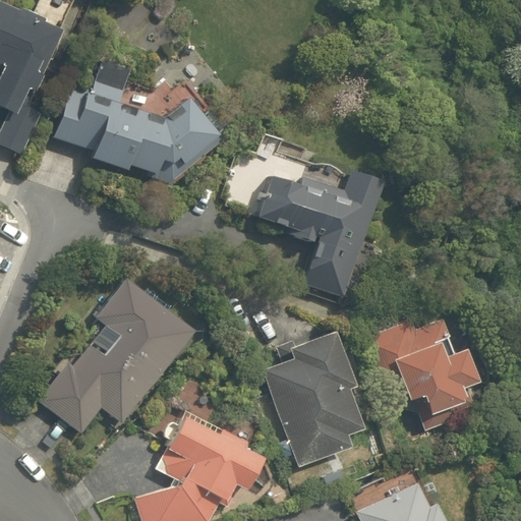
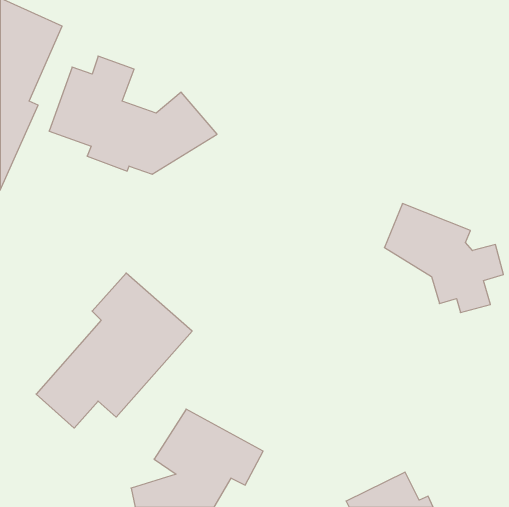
building: [256,166,386,297] -> none
building: [356,305,477,416] -> [384,204,503,313]
building: [263,332,365,466] -> none

